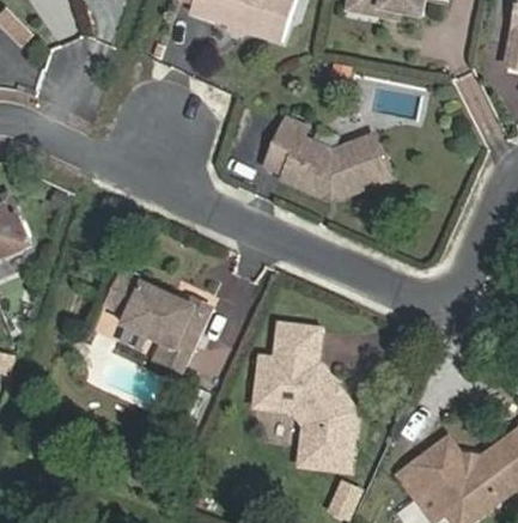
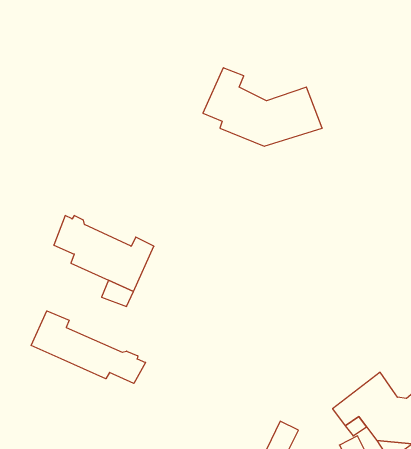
building: [251,321,353,469] -> none
building: none -> [31,311,146,383]

